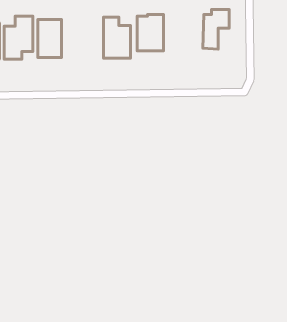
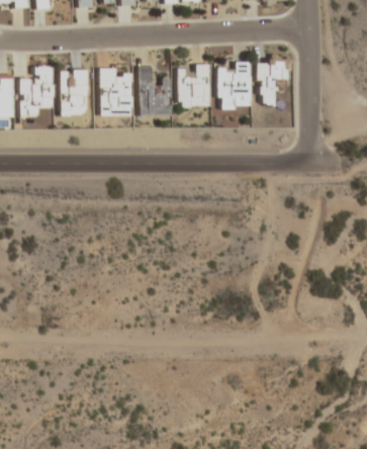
building: none -> [218,61,251,108]
building: none -> [99,67,131,115]

